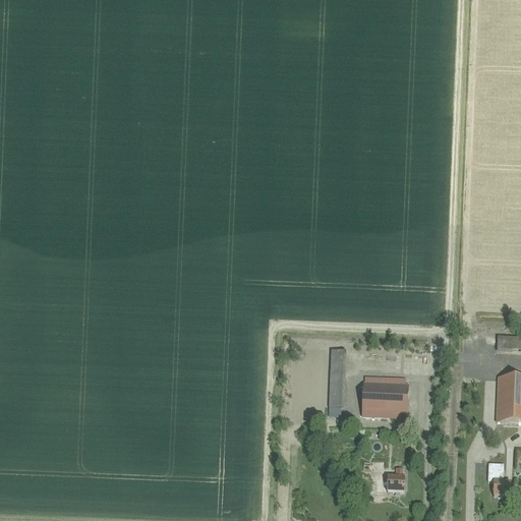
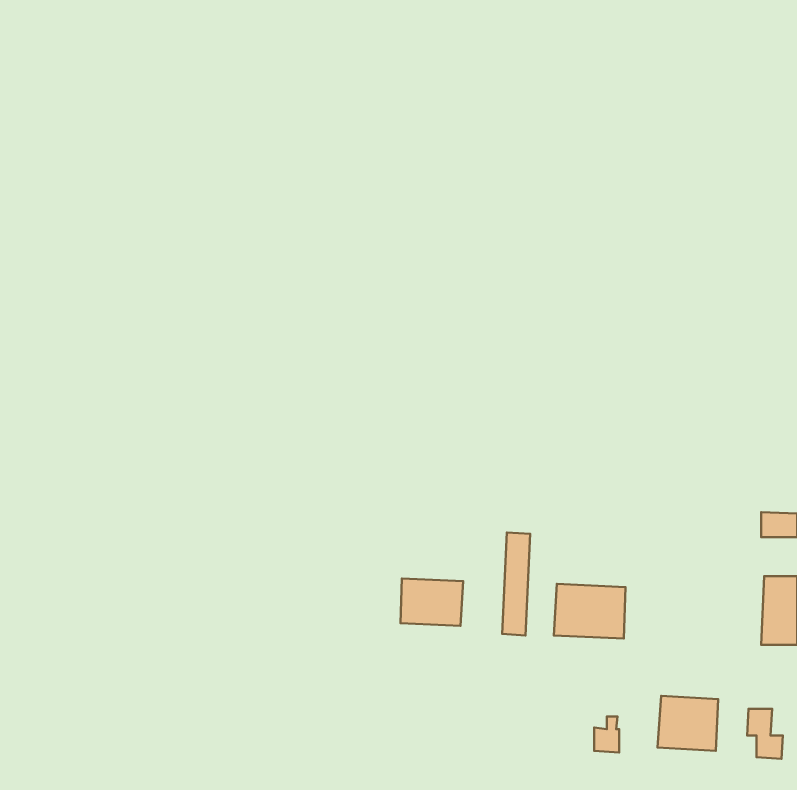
building: none -> [401,578,463,626]
building: none -> [658,696,718,751]

